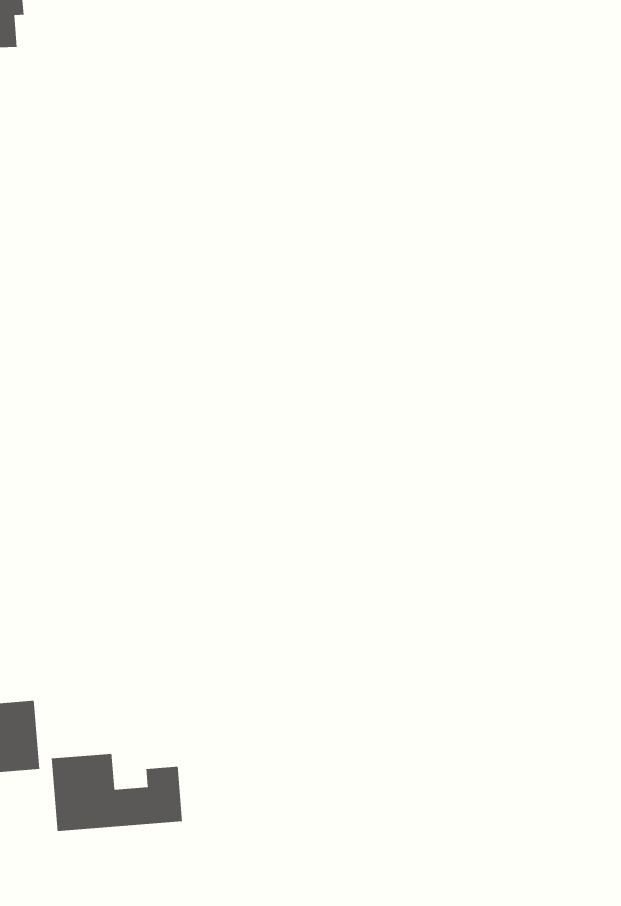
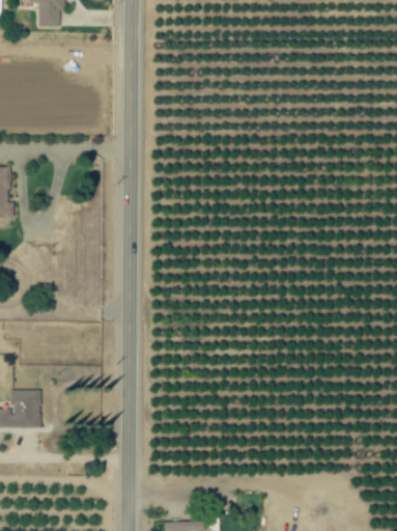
building: [51,753,183,832] -> none

